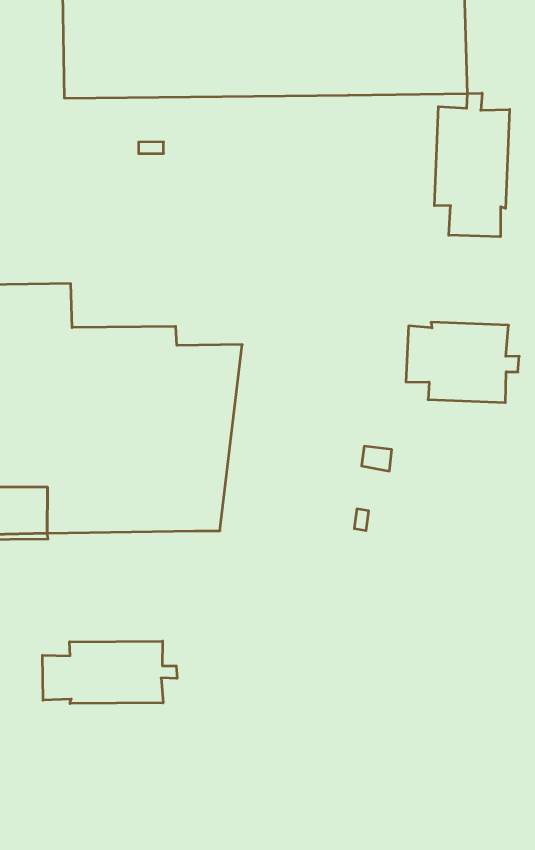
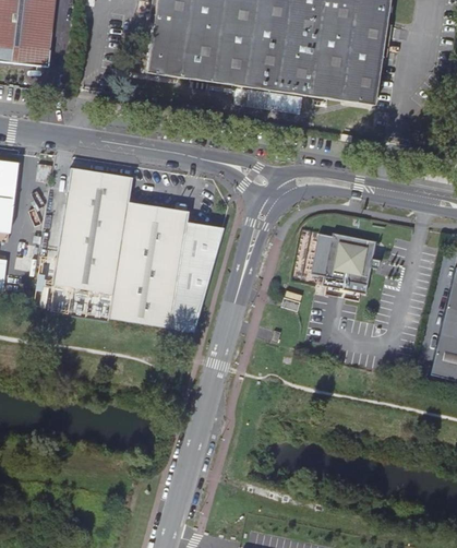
building: [434,93,510,237] -> none
building: [42,641,177,704] -> none

